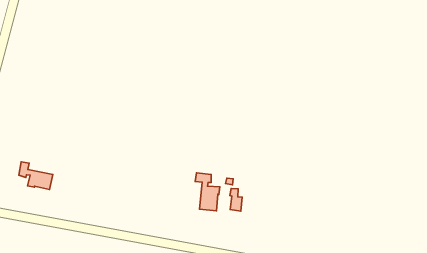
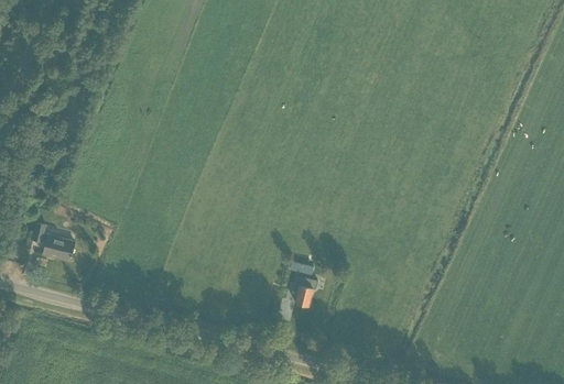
building: [195,173,220,211] -> none

